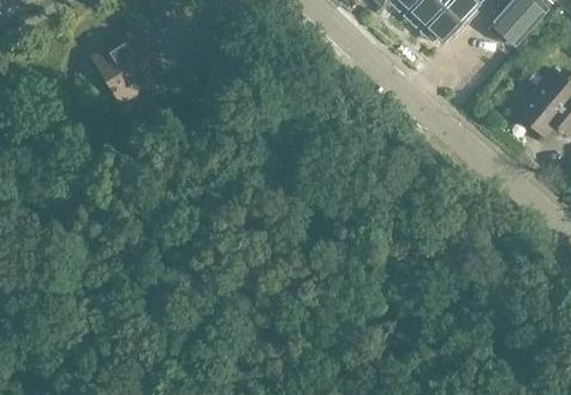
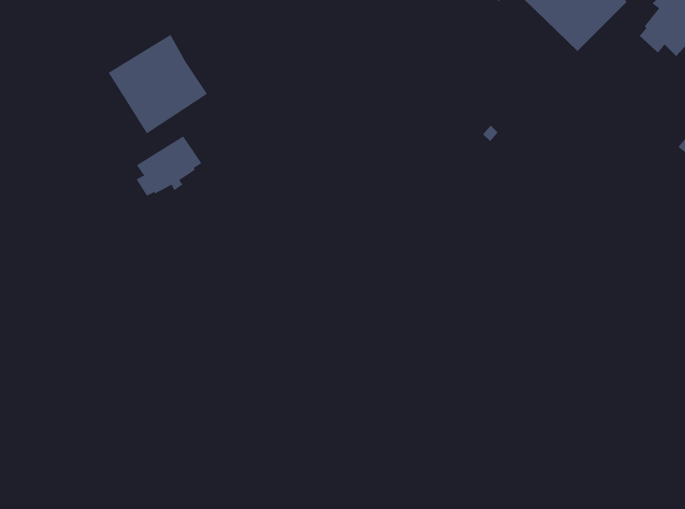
building: none -> [136,135,202,197]

